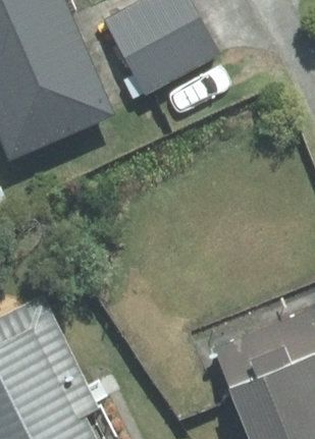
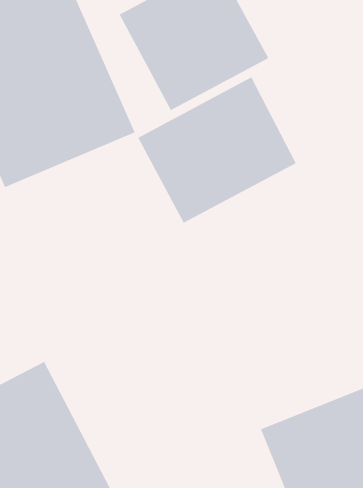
building: none -> [137,77,297,223]

